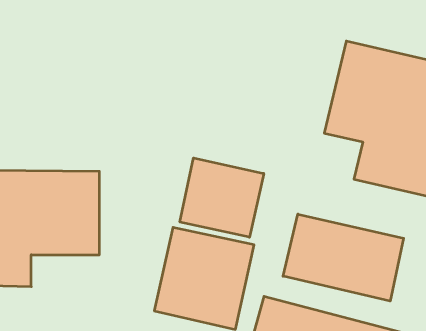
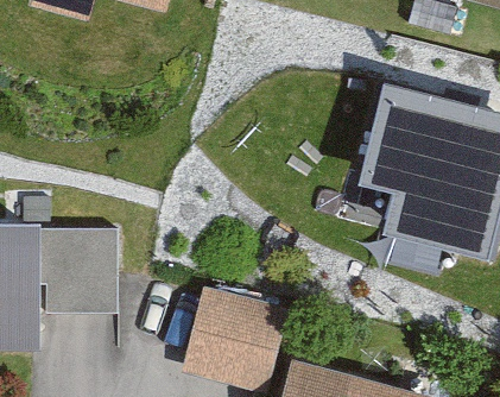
building: [180,158,264,237] -> none
building: [283,214,404,301] -> none

